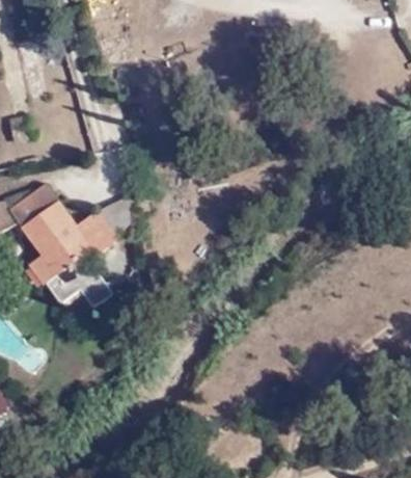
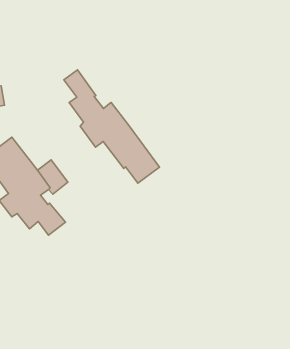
building: none -> [64,70,159,183]

